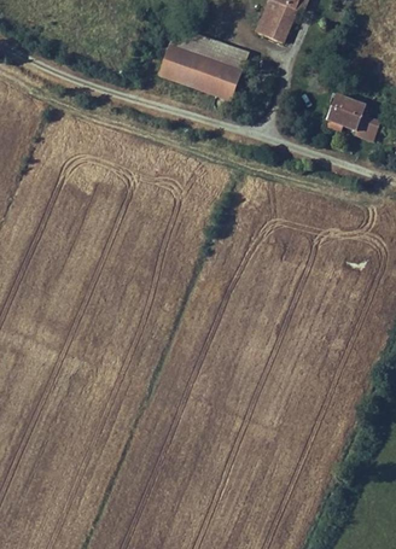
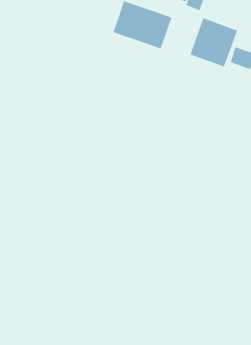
building: none -> [189,17,238,68]

